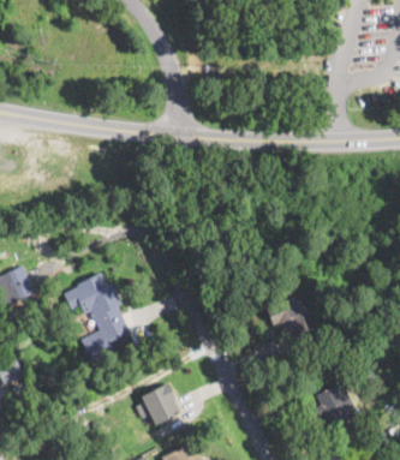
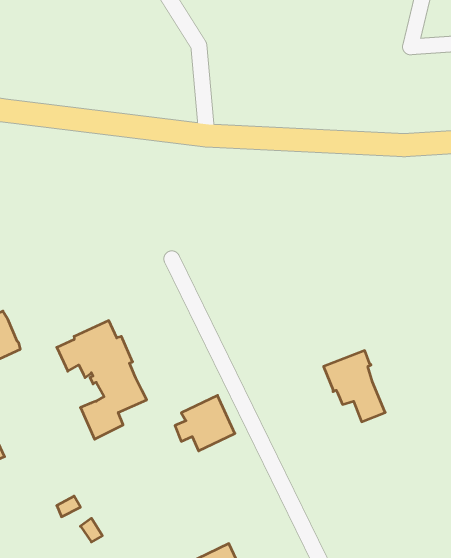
building: [137,382,183,424] -> [175,395,235,451]
building: [316,386,352,428] -> none

